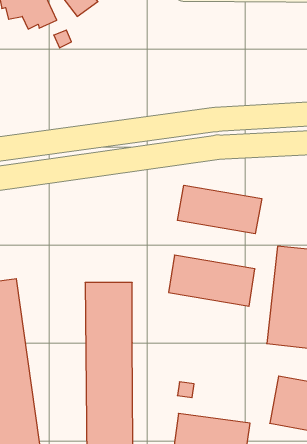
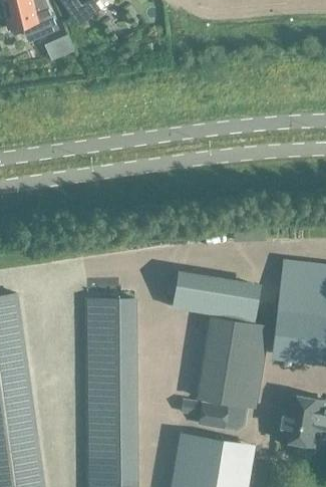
building: [177,185,262,234] -> none
building: none -> [197,319,268,430]

